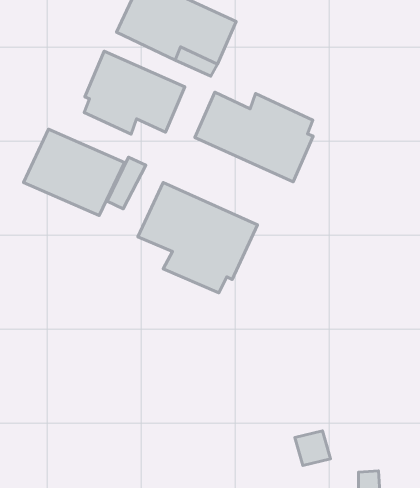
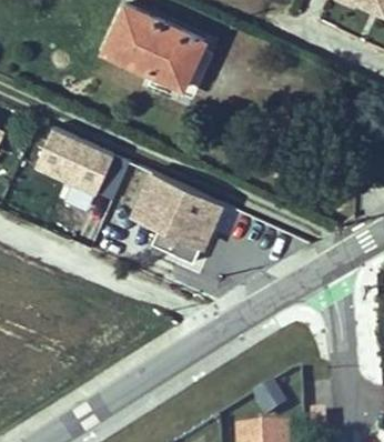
building: [84,51,185,134] -> none
building: [195,92,313,182] -> none

